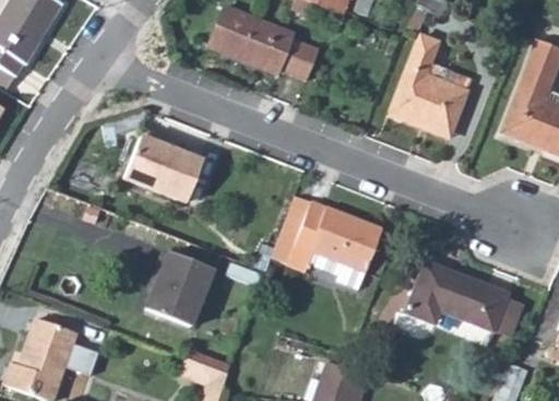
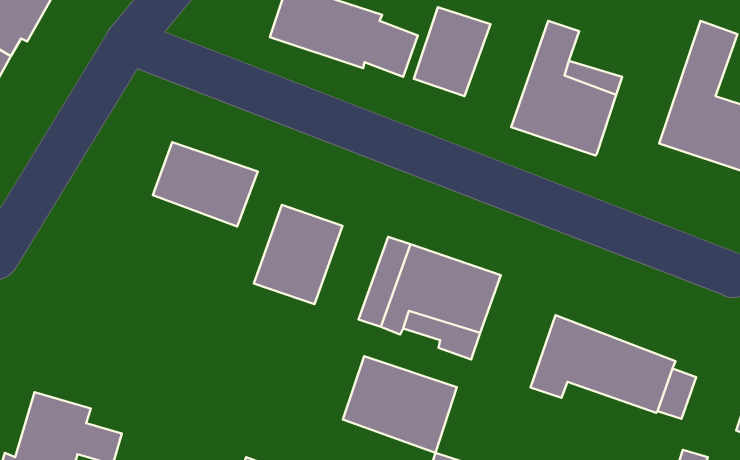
building: none -> [414,7,490,96]
building: [148,248,214,321] -> [254,205,343,304]
building: none -> [343,356,457,453]

